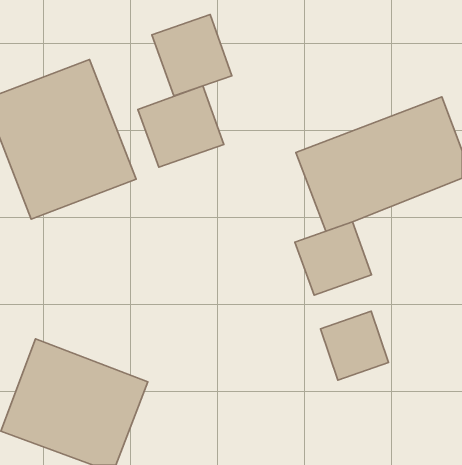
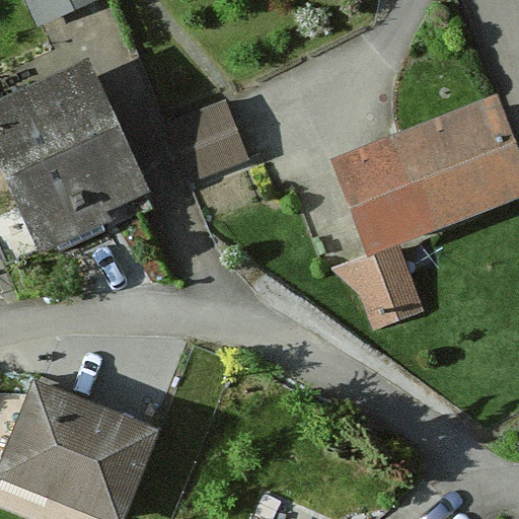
building: [152,15,232,96] -> none
building: [320,311,389,380] -> none

